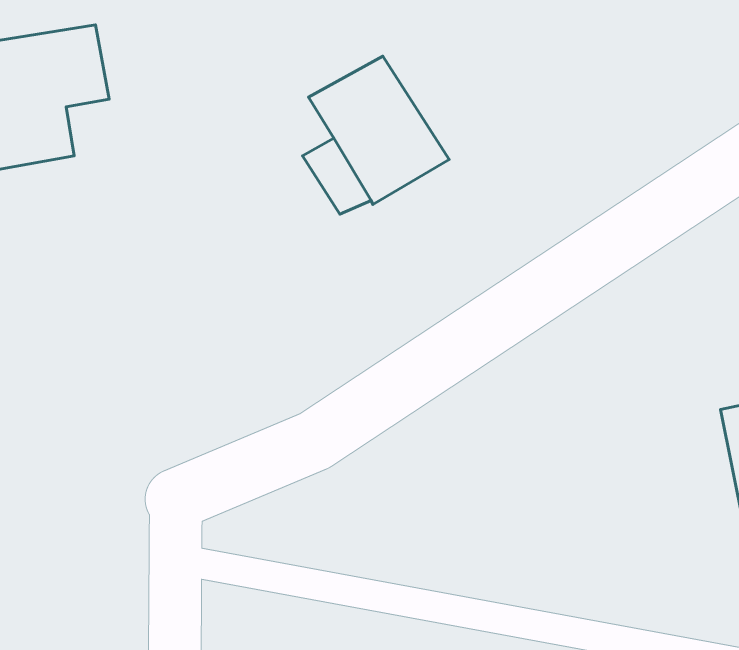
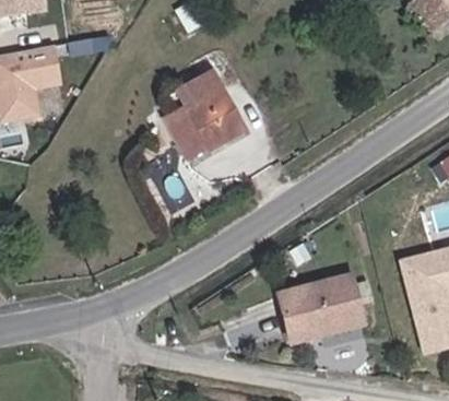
building: none -> [277,278,363,344]

